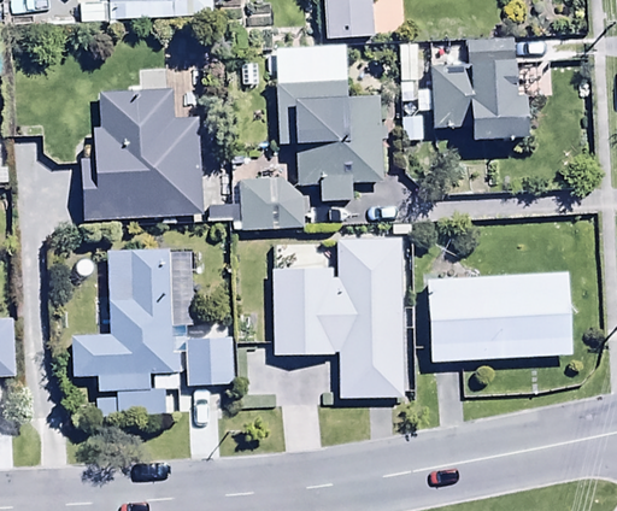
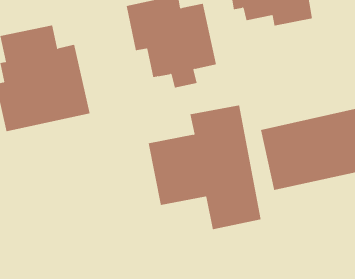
building: [231,174,305,230] -> none
building: [72,245,182,411] -> none
building: [188,335,236,383] -> none

